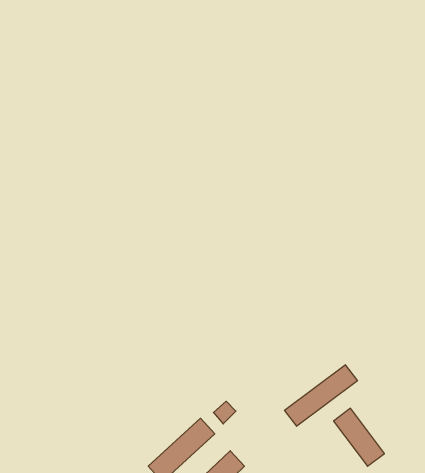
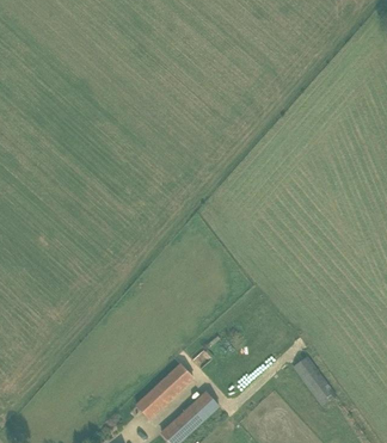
building: [285,365,357,426] -> none

